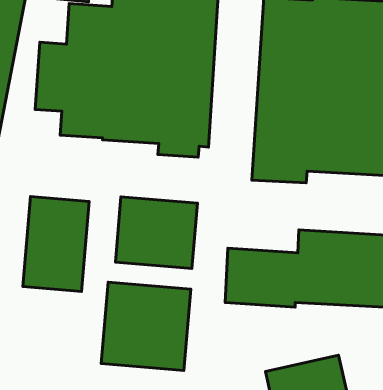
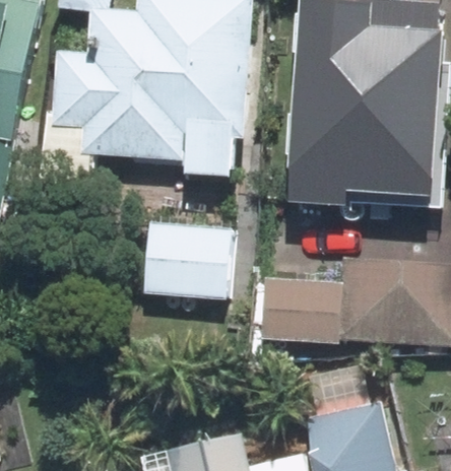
building: [23,197,89,291] -> none
building: [101,282,191,371] -> none

